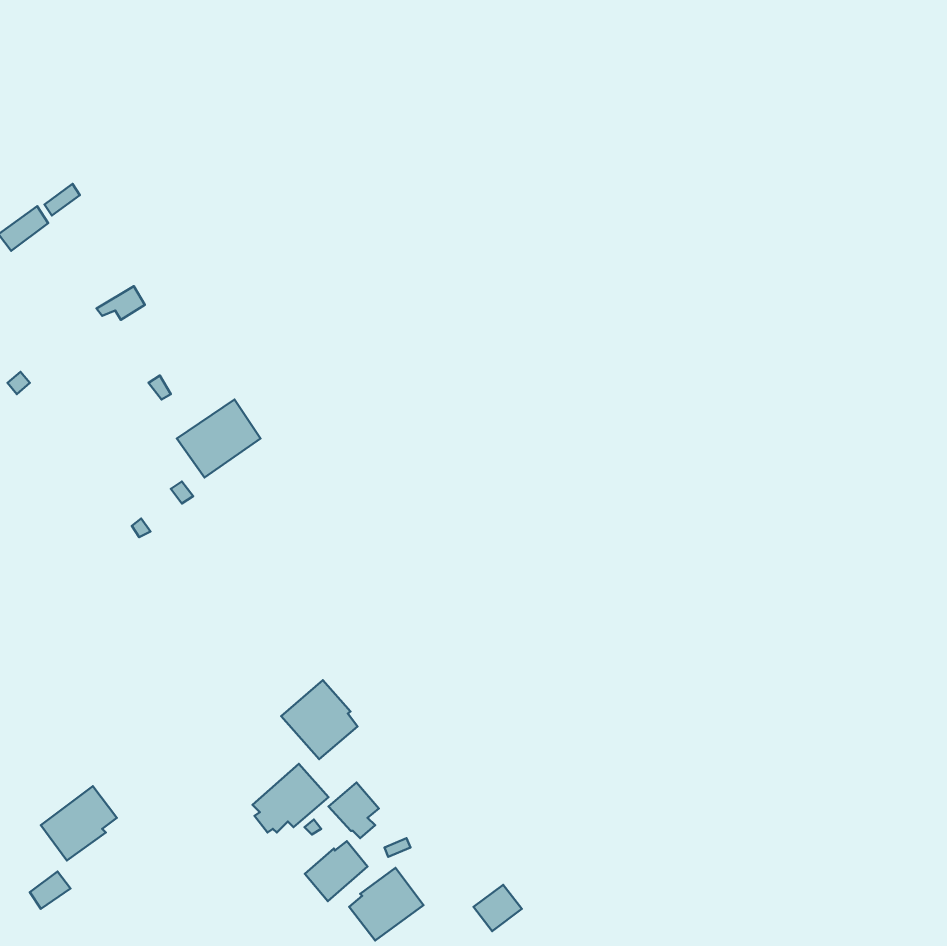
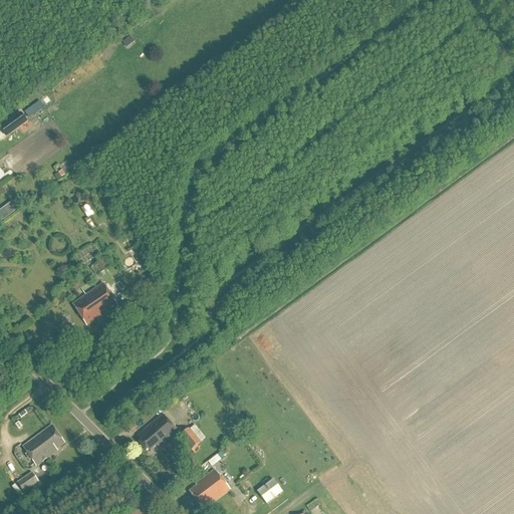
building: [177,399,260,477] -> [71,282,116,324]
building: [281,680,358,759] -> none
building: [305,841,368,901] -> none

